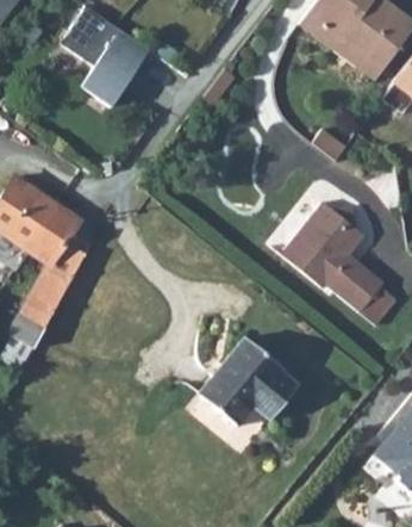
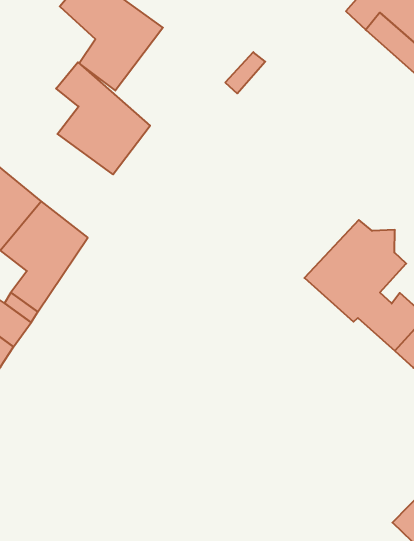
building: none -> [56,62,150,174]
building: [192,330,304,447] -> none

